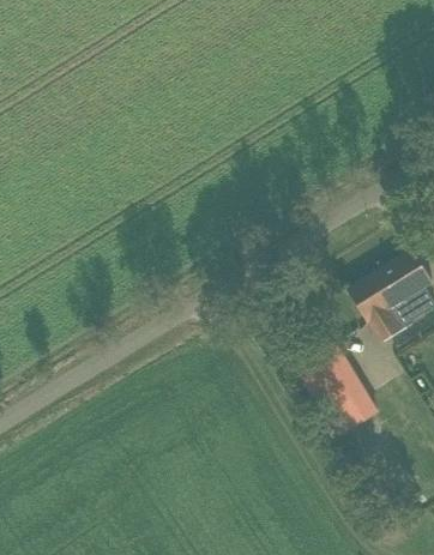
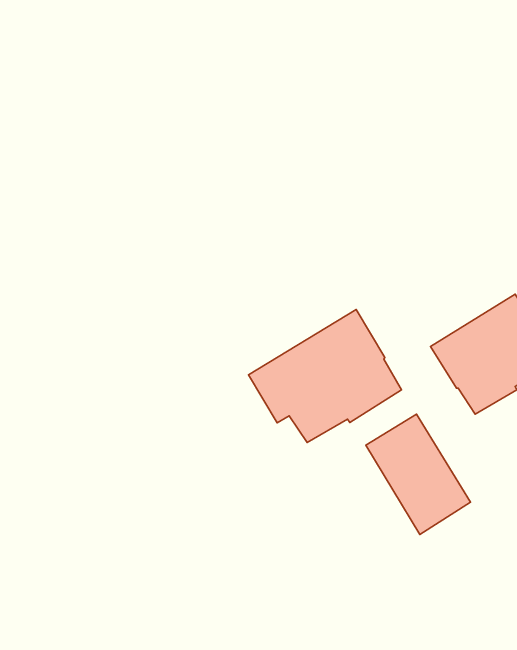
building: none -> [249,309,401,442]

